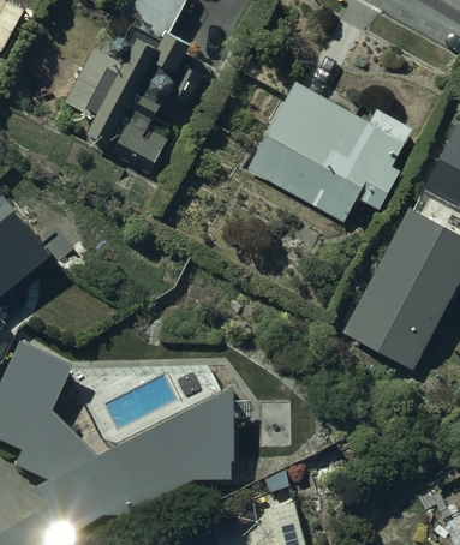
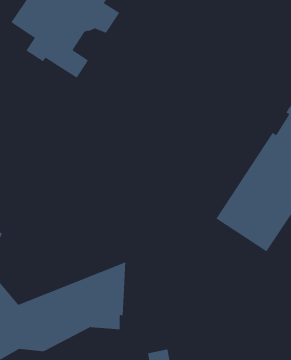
building: [246,85,411,217] -> none

